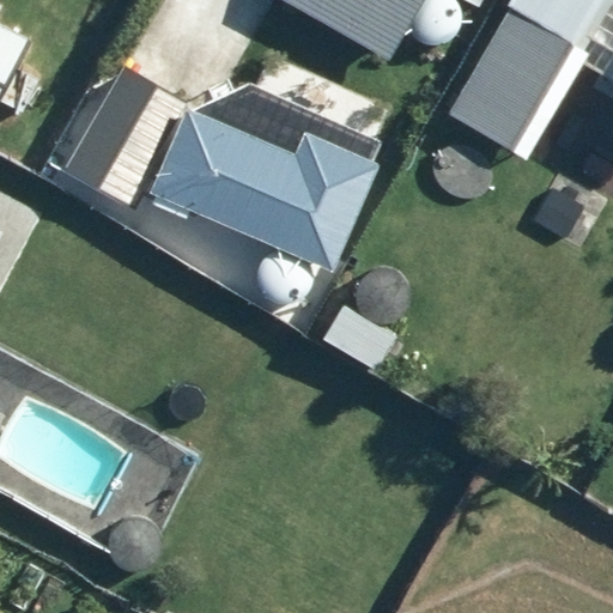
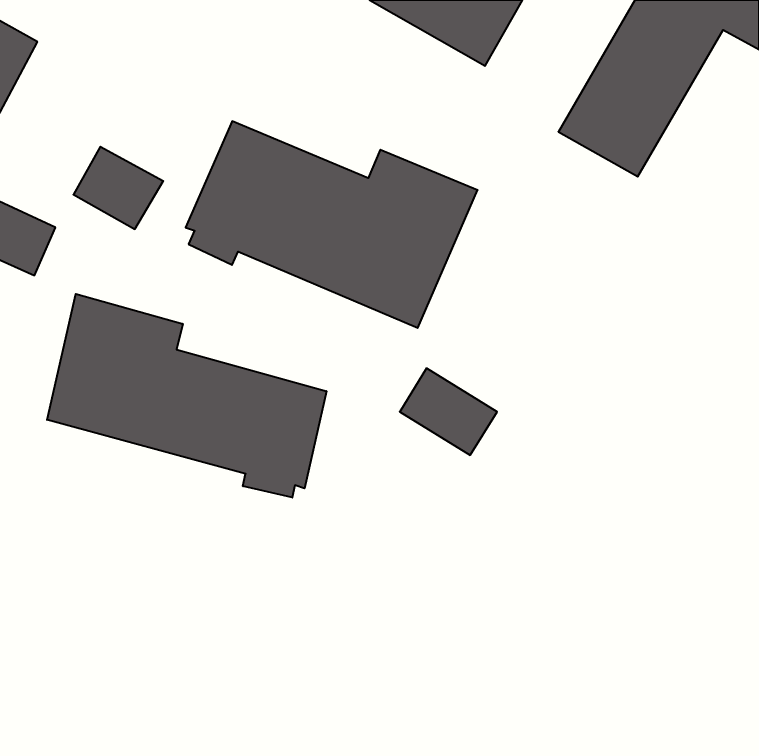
building: none -> [47,294,326,498]

